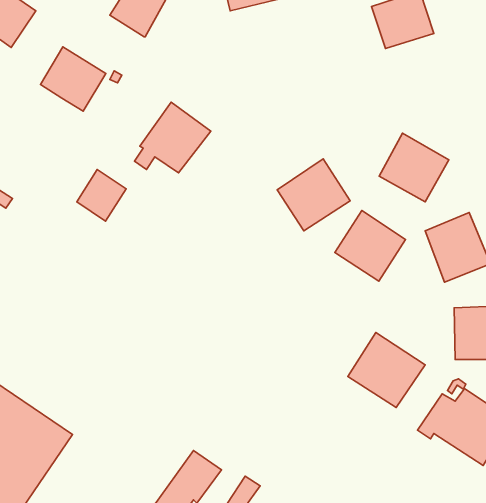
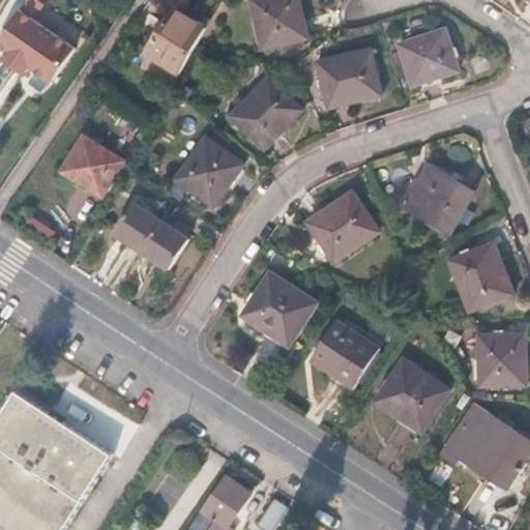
building: none -> [316,49,380,108]
building: none -> [230,77,301,148]
building: [40,47,106,111] -> [60,135,123,197]
building: none -> [141,220,188,269]
building: [335,211,406,281] -> [310,320,378,388]
building: none -> [241,272,316,346]

